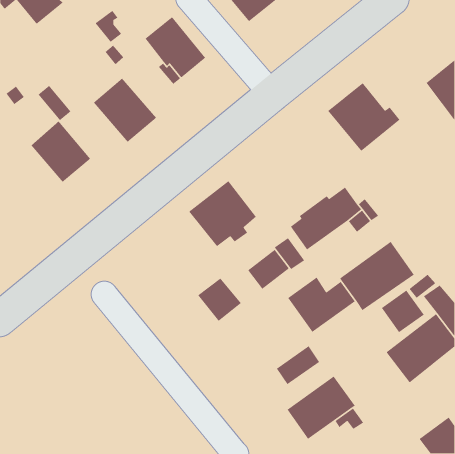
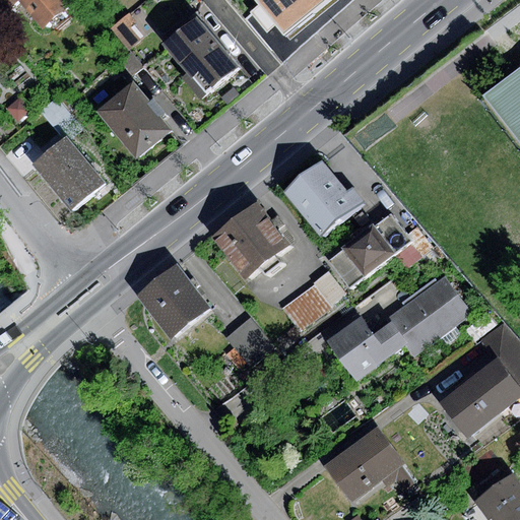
building: [327,82,400,152] -> [280,158,364,238]
building: none -> [138,265,210,337]
building: [381,289,425,333] -> none

